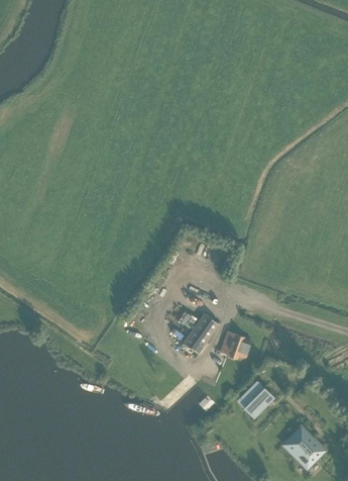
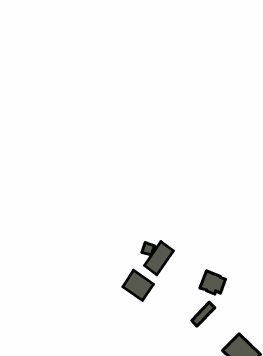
building: [221,330,252,359] -> [200,271,226,294]
building: none -> [123,270,154,300]

